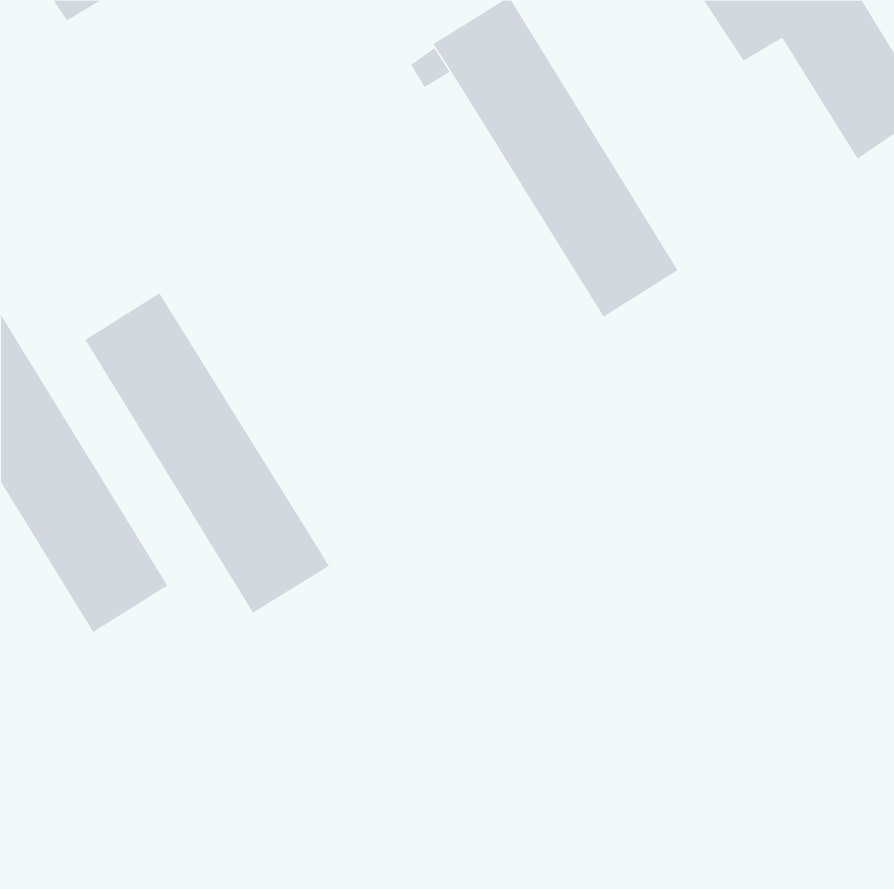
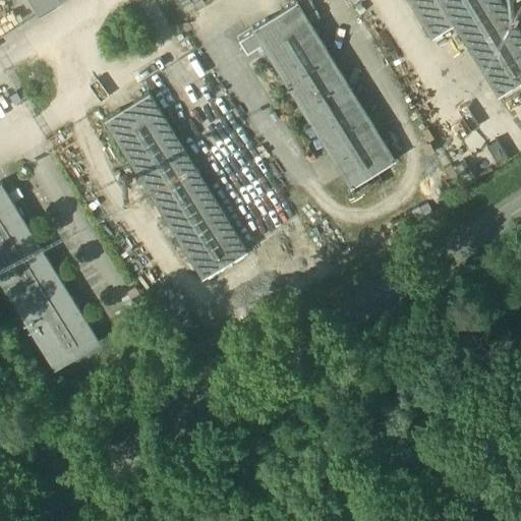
building: [84,292,330,613] -> [105,94,247,280]

